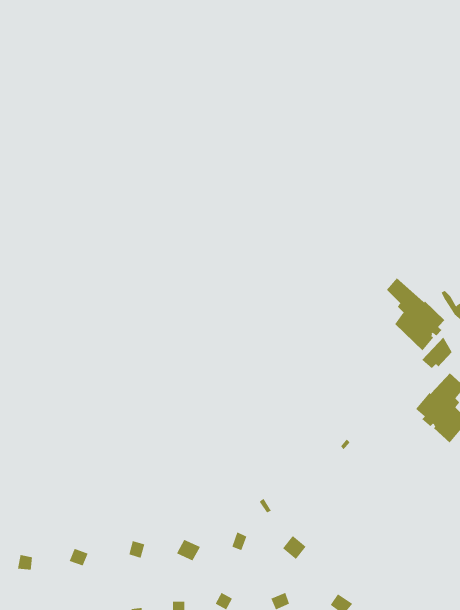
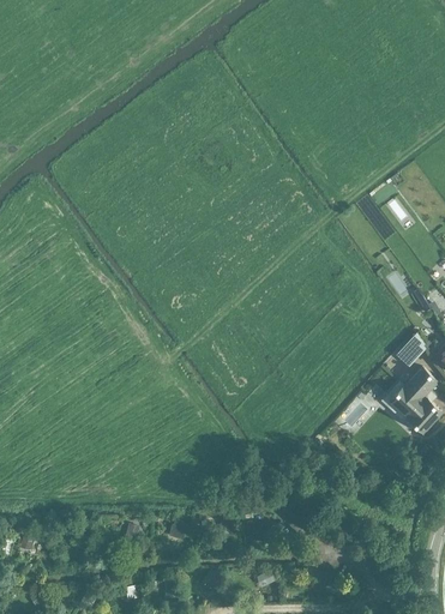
building: [386,277,445,351] -> none

